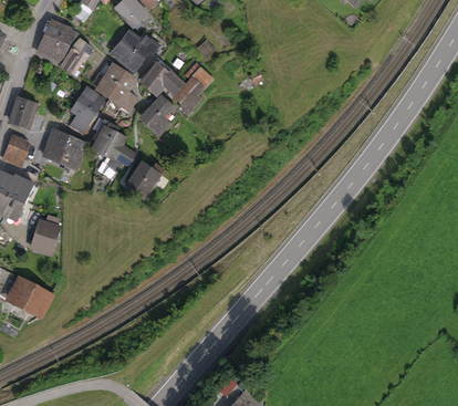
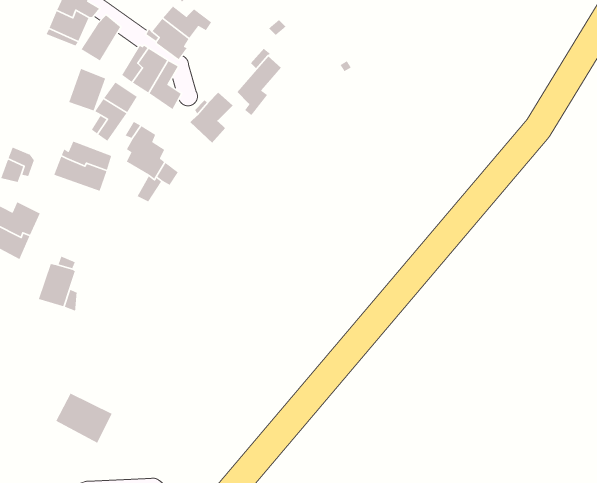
building: [142,60,183,94] -> none
building: [9,95,37,127] -> [68,68,106,112]
building: [127,162,163,196] -> none
building: [9,278,51,315] -> [55,392,113,444]

